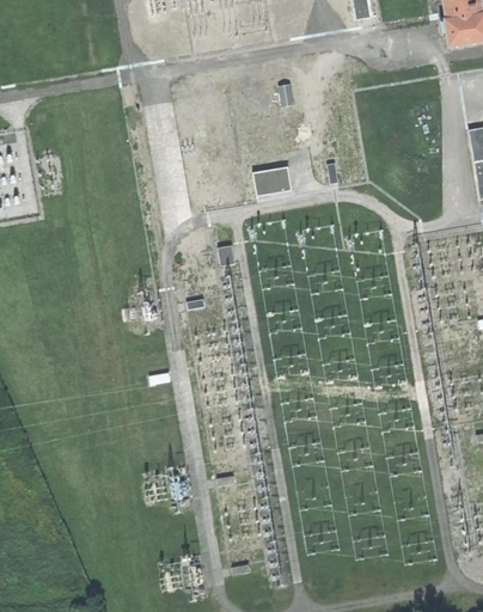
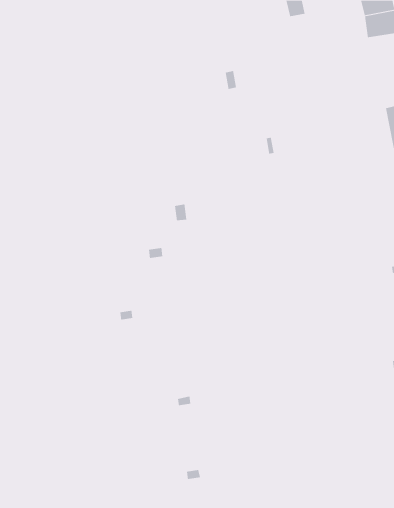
building: [252,166,291,196] -> none

